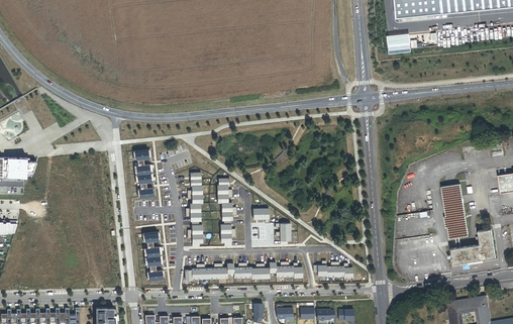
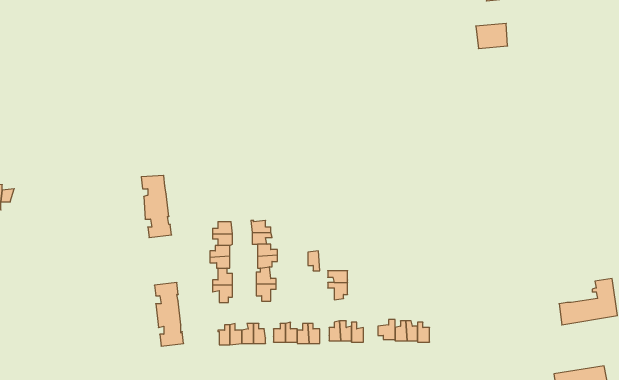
building: [442,184,469,239] -> none

